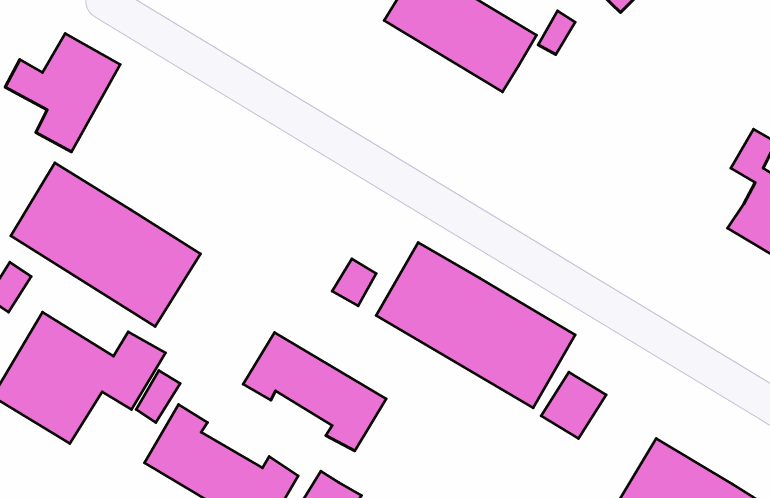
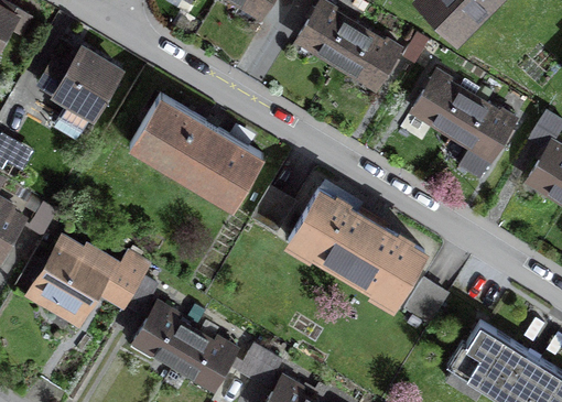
building: none -> [412,73,515,159]
building: [11,163,200,327] -> [132,95,261,206]
building: [243,332,386,451] -> none

